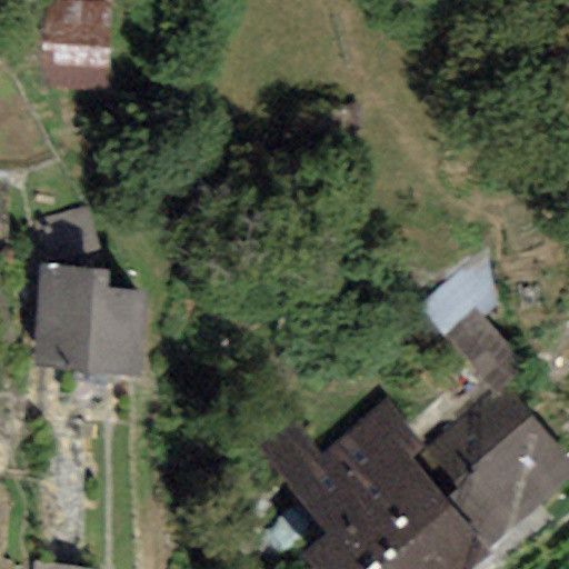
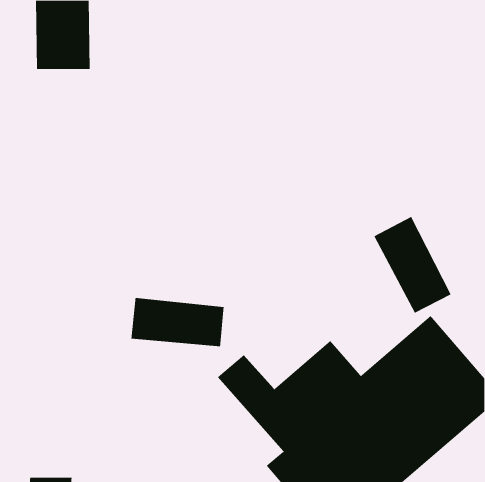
building: [29,263,140,375] -> none
building: none -> [131,297,224,347]

